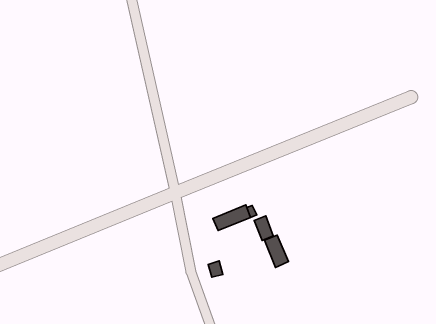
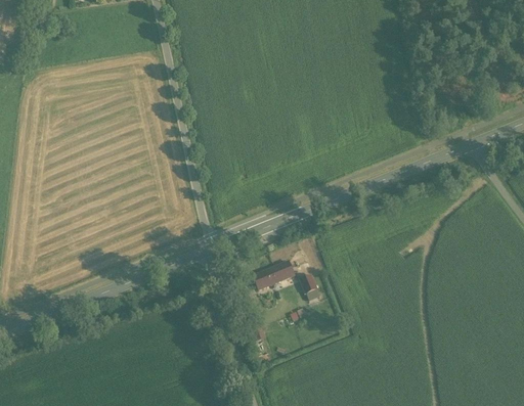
building: [264,235,289,267] -> none

